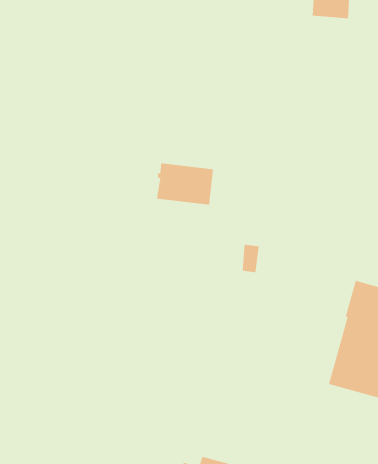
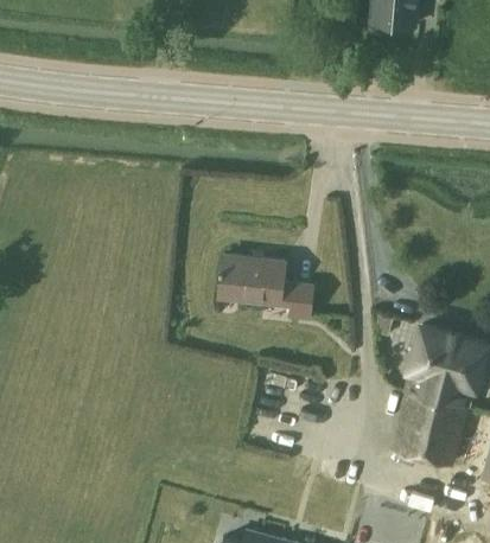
building: [156,163,214,205] -> [219,255,286,304]

